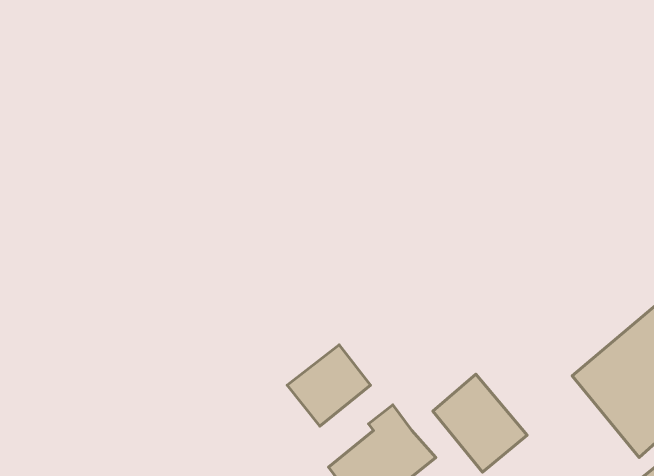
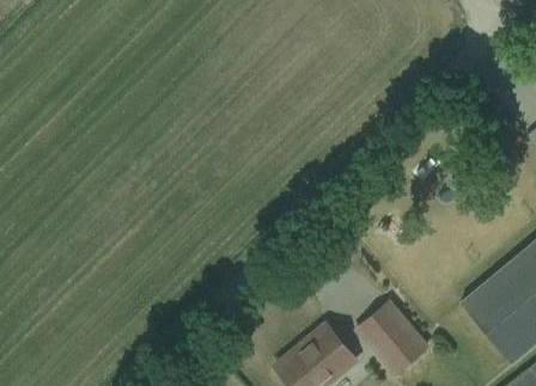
building: [287,345,370,426] -> none

